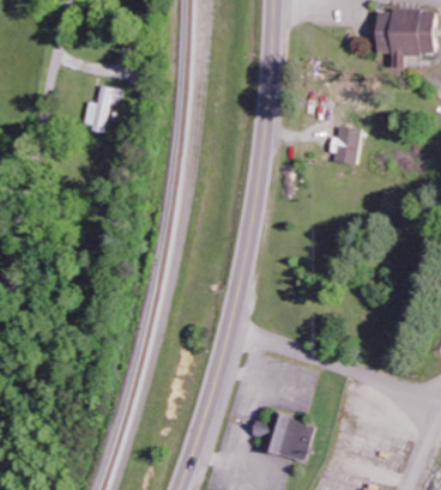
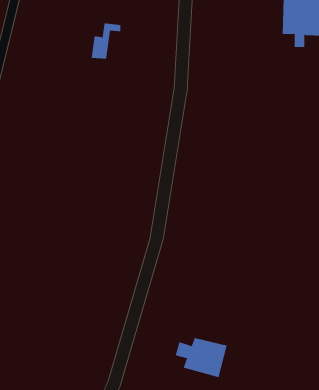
building: [84,86,120,129] -> [91,23,121,59]
building: [330,126,362,165] -> none

